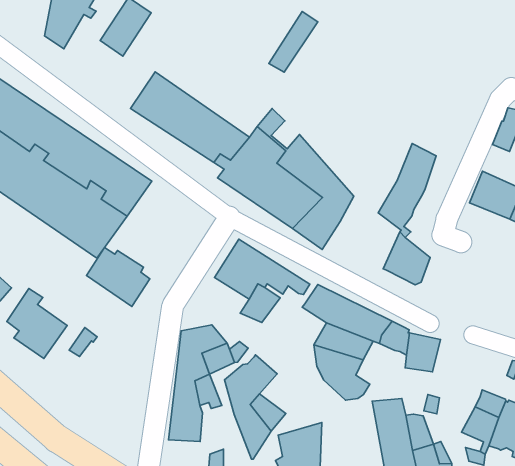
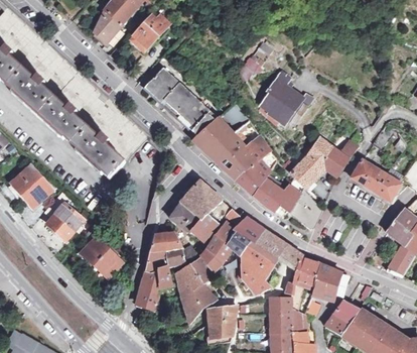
building: none -> [255,70,309,125]
building: none -> [323,137,358,174]
building: none -> [252,179,303,218]
building: [86,248,150,307] -> [81,236,121,276]
building: none -> [169,203,200,234]
building: none -> [199,221,248,270]
building: none -> [308,263,343,300]

